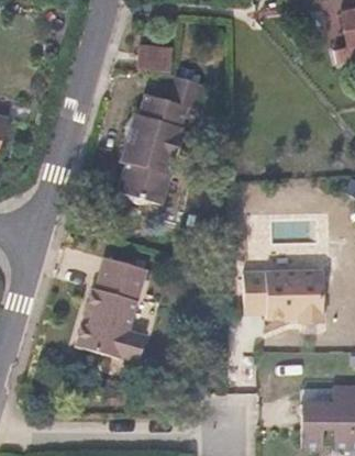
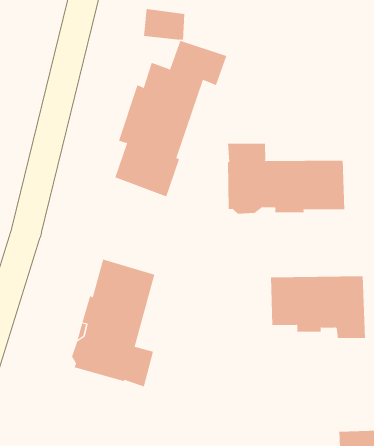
building: none -> [227,143,345,215]

